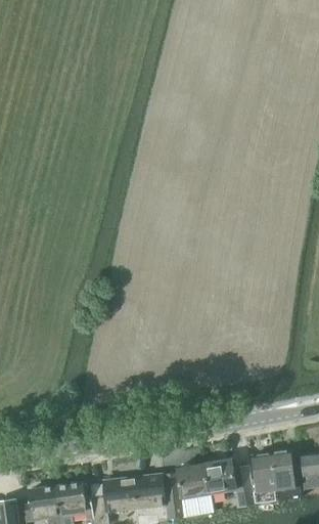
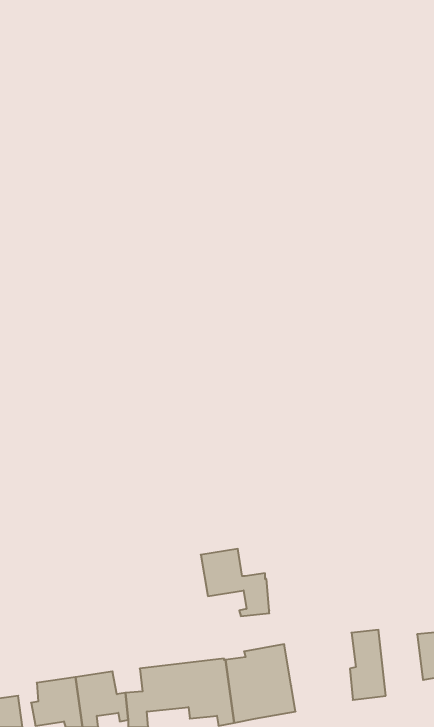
building: [272,451,300,500] -> none
building: [204,460,254,508] -> [201,549,269,616]

